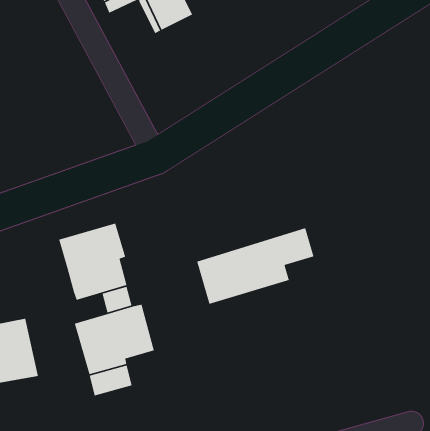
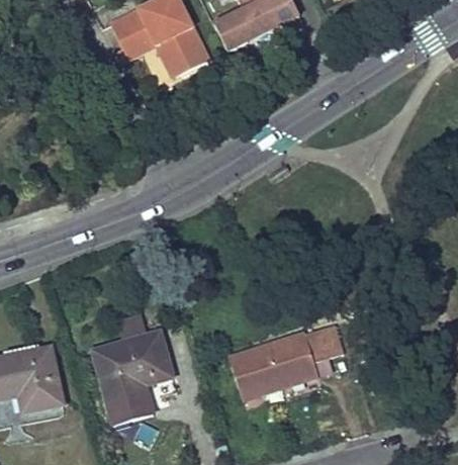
building: [58,223,128,301] -> none
building: [196,227,314,305] -> [230,324,342,398]

